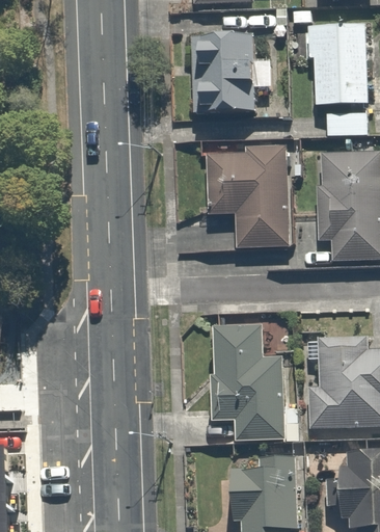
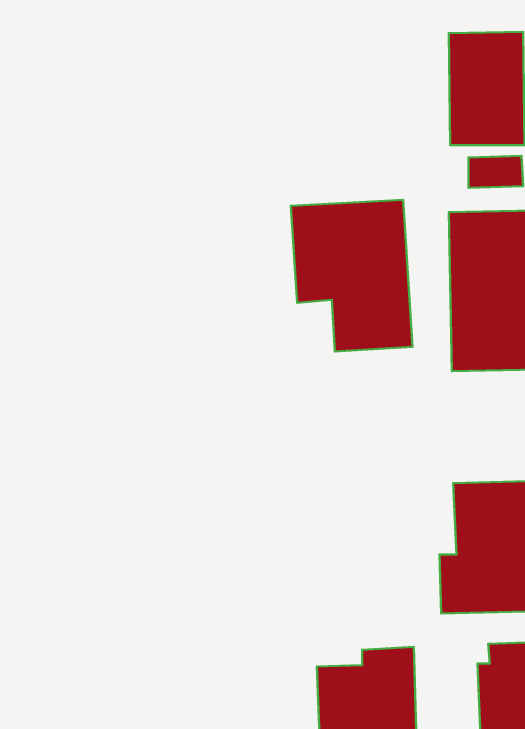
building: [192,34,257,121] -> none
building: [215,322,287,441] -> none

